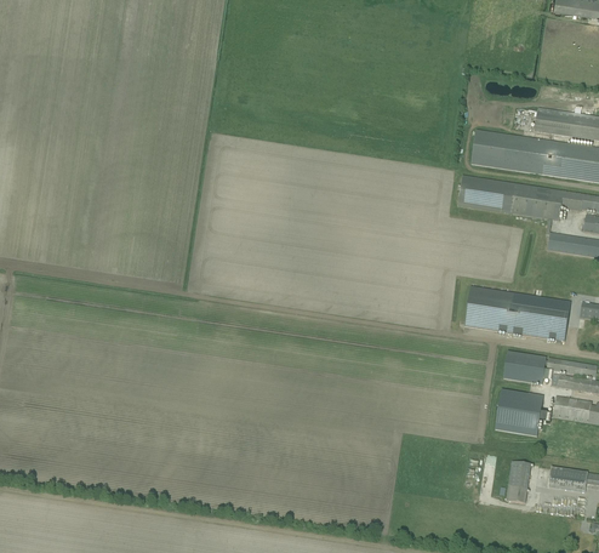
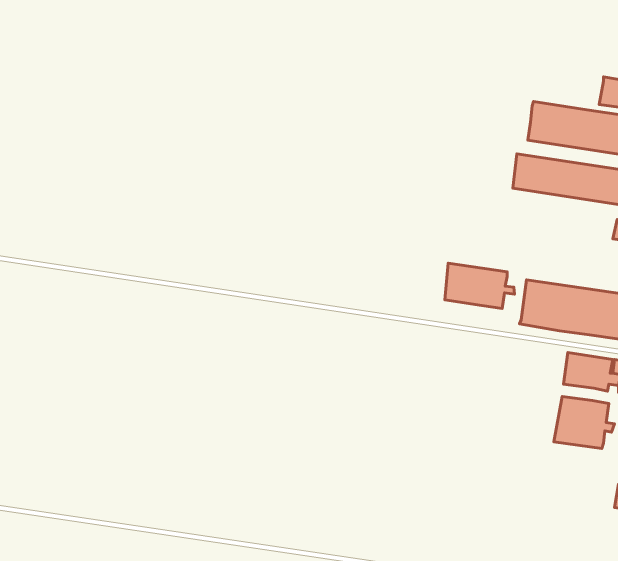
building: none -> [445,263,515,308]
building: [504,461,530,503] -> none

